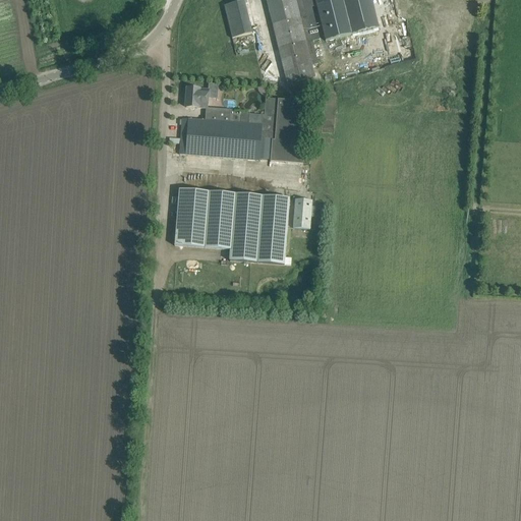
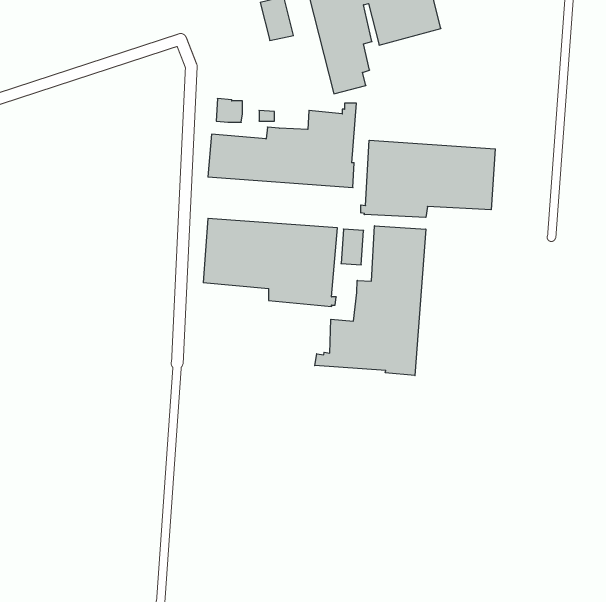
building: none -> [361,140,495,217]
building: none -> [315,226,426,376]

